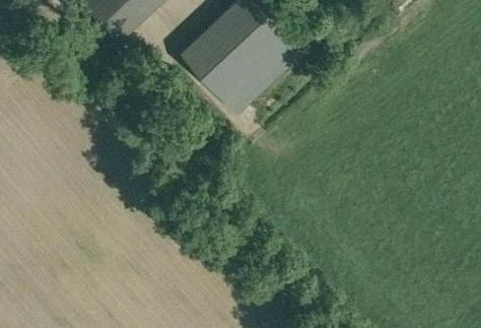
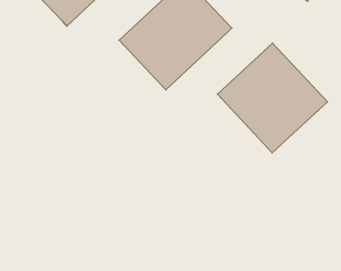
building: none -> [217,43,327,153]

